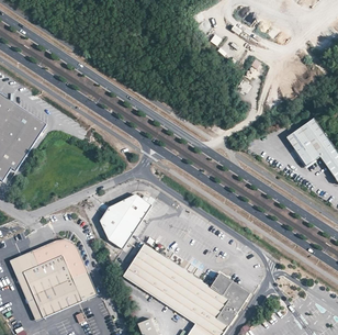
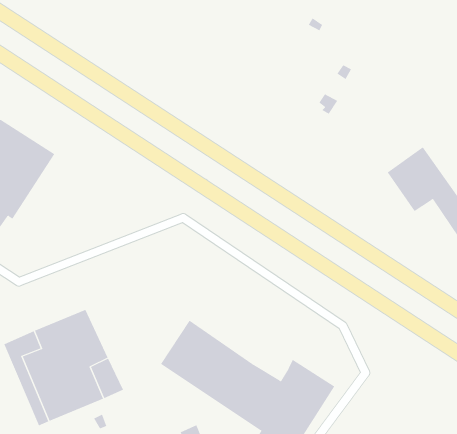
building: [98,196,153,250] -> none

